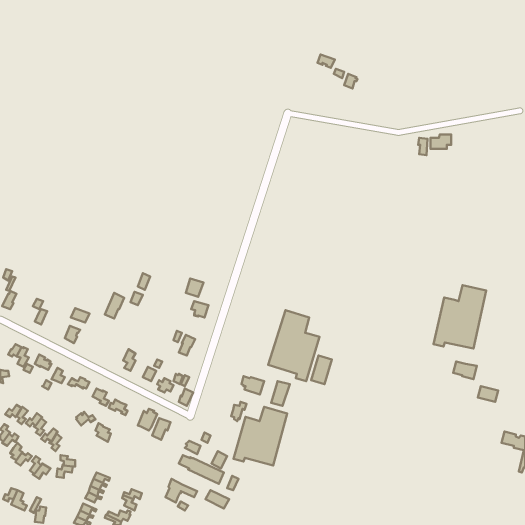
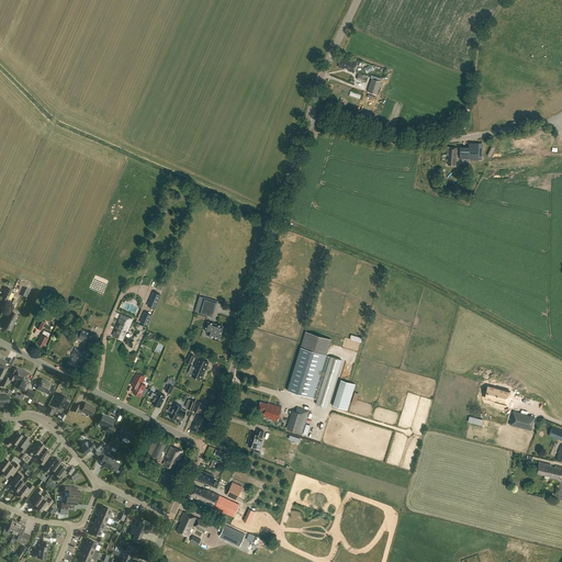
building: [433,285,486,349] -> none
building: [234,407,287,465] -> none

